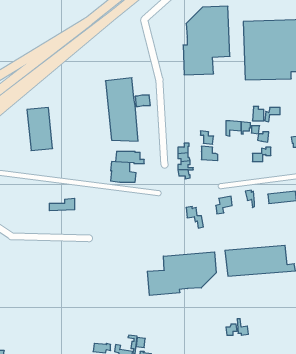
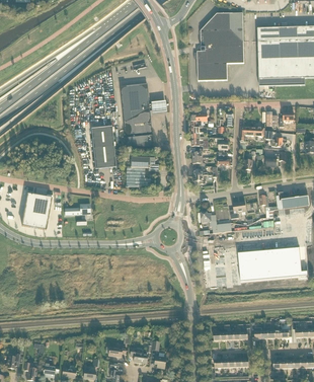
building: [27,108,53,151] -> [90,126,115,168]
building: none -> [20,192,51,228]
building: [147,252,216,295] -> none

